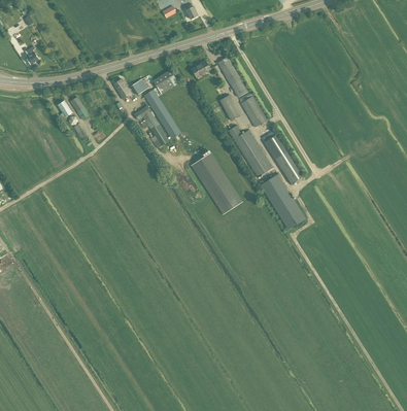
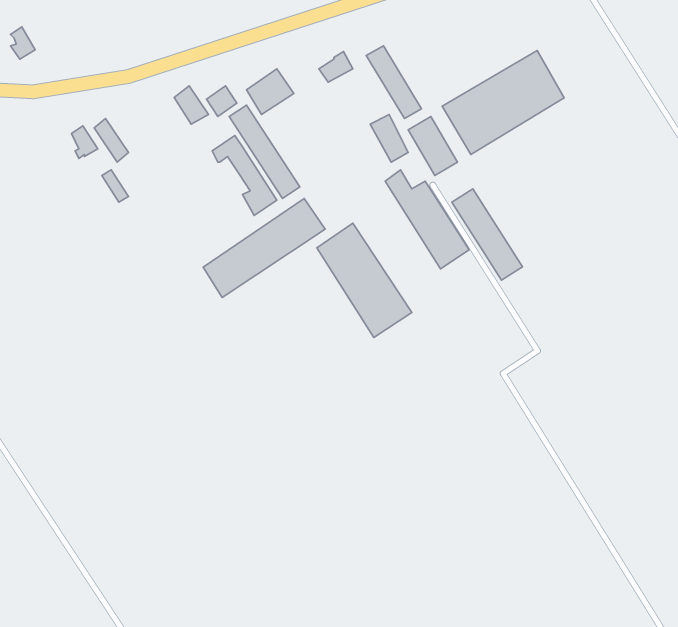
building: none -> [442,51,564,155]
building: none -> [203,198,325,298]
building: [260,173,305,229] -> none

